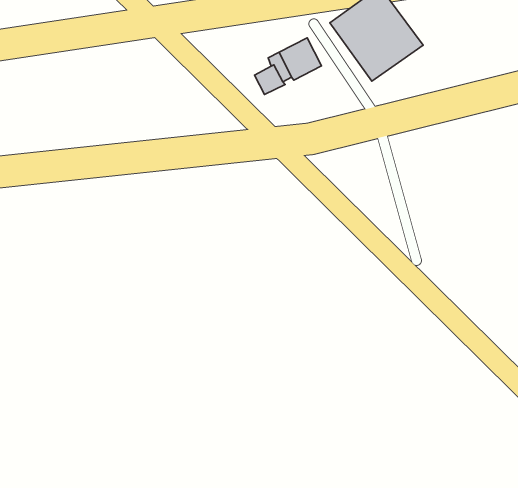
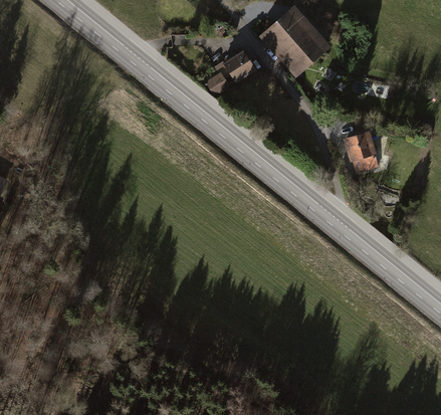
building: none -> [345,132,379,174]

